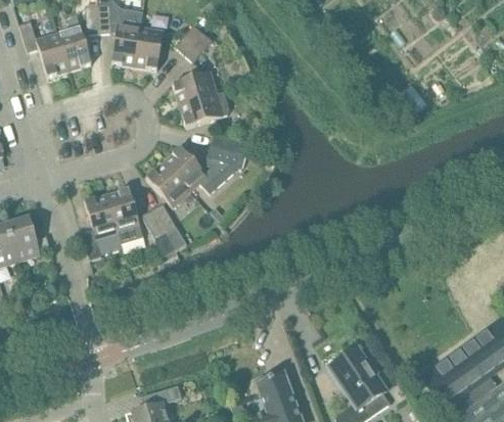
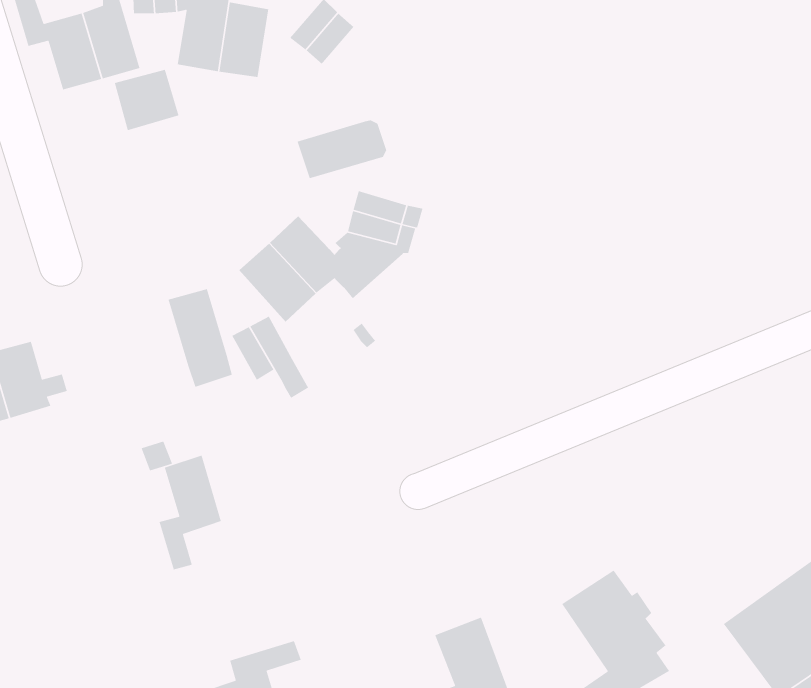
building: none -> [114,69,179,131]
building: [173,71,217,104] -> none
building: [82,193,118,259] -> [158,455,222,571]

